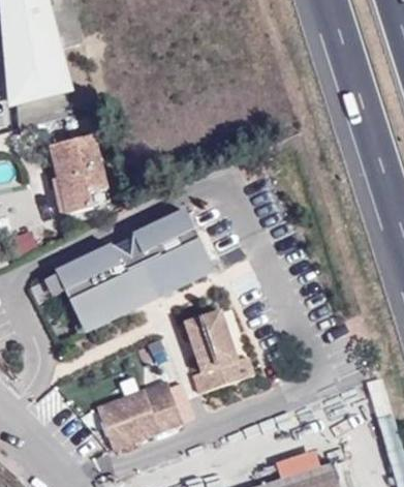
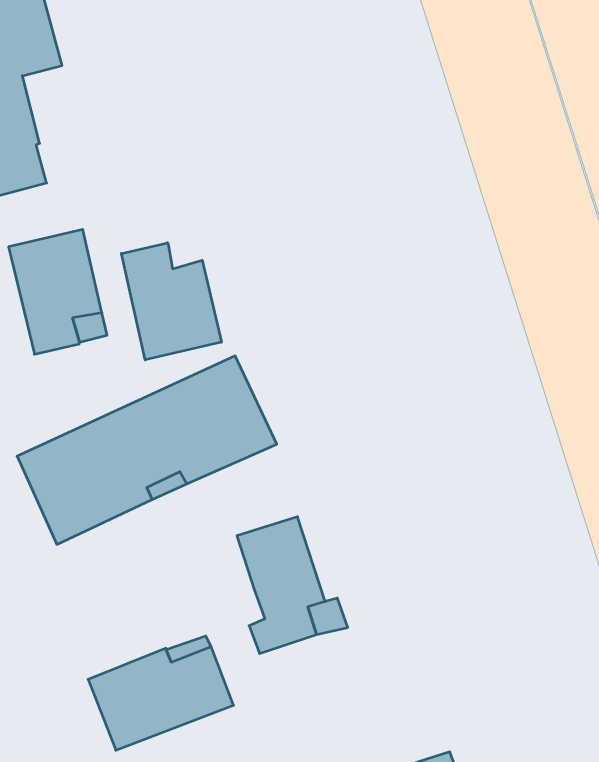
building: none -> [121,243,221,360]

